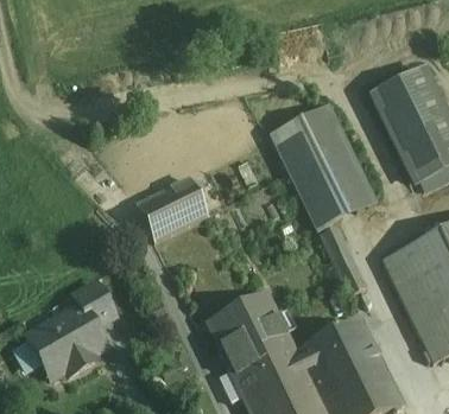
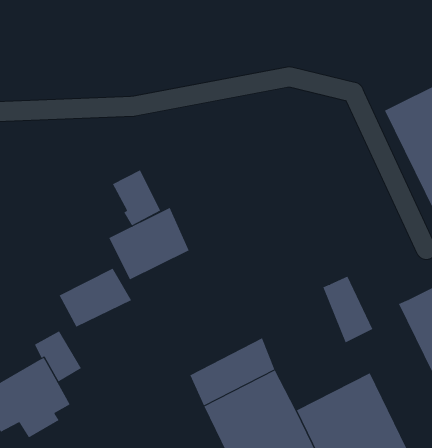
building: [270,104,374,227] -> none
building: none -> [112,170,161,226]
building: none -> [59,268,132,327]

